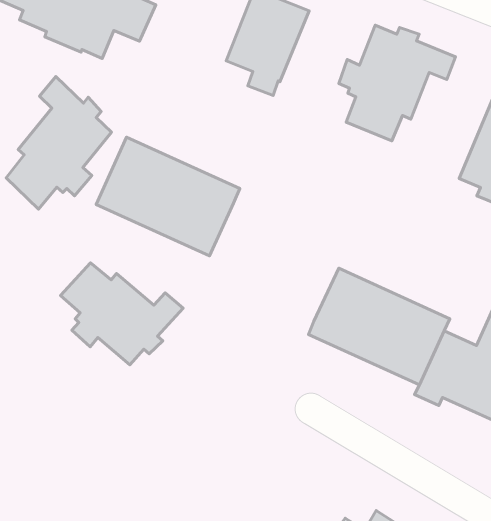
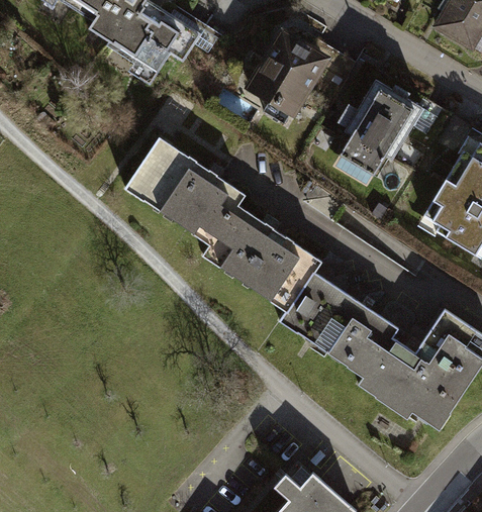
building: [6,76,112,209] -> none
building: none -> [204,205,321,311]
building: [60,263,183,365] -> none

